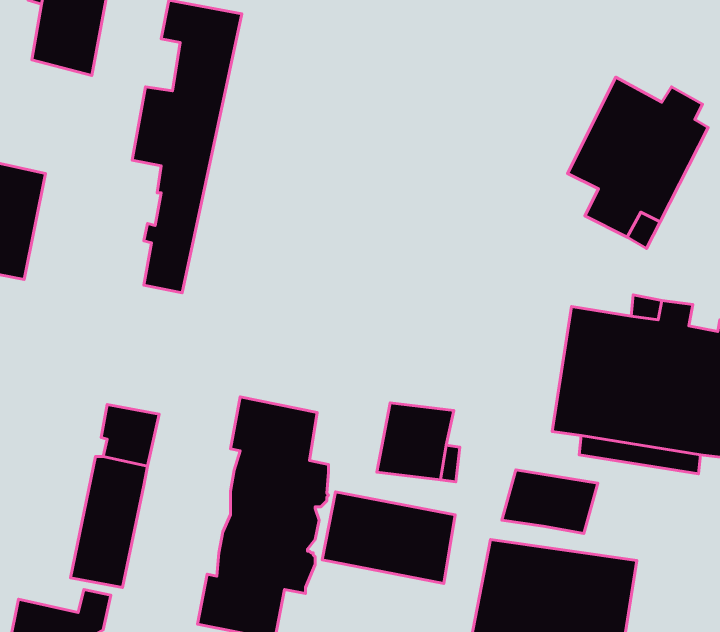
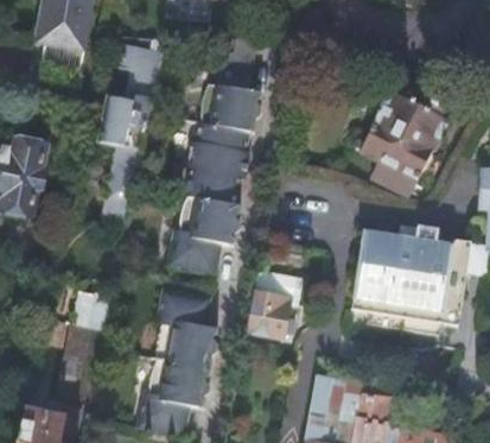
building: none -> [166,64,261,273]
building: [502,470,598,534] -> none
building: [322,492,455,583] -> none

